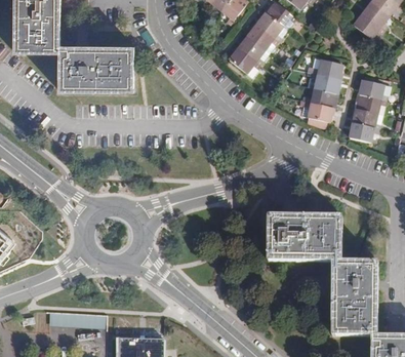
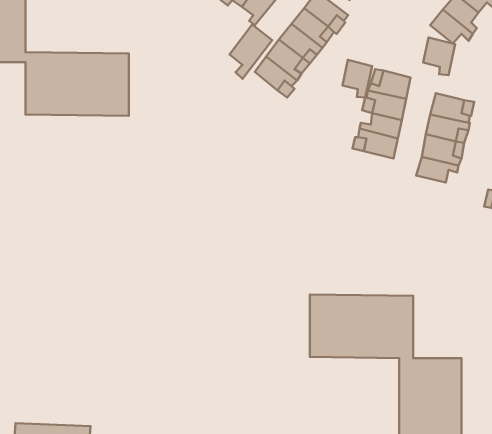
building: none -> [229,25,272,79]
building: none -> [423,37,455,75]
building: none -> [343,60,372,98]

